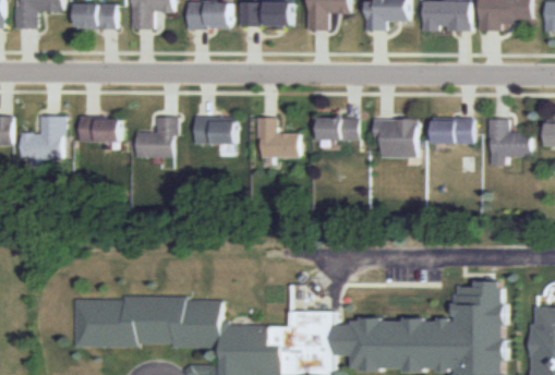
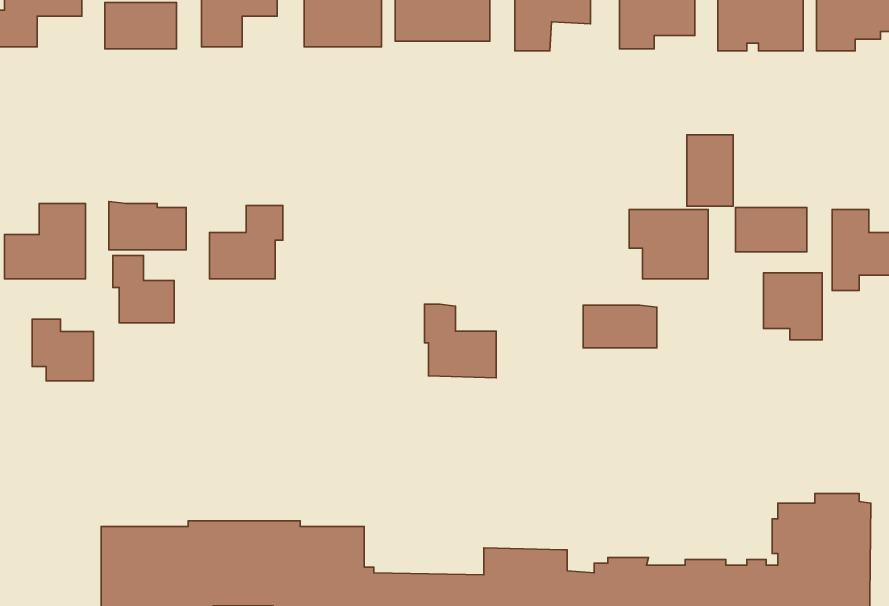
building: none -> [687,135,733,206]
building: [194,117,237,146] -> none
building: [258,118,299,159] -> [425,304,496,378]
building: [317,118,359,142] -> [583,305,657,348]
building: none -> [113,256,174,323]
building: none -> [764,273,822,340]
building: none -> [32,319,94,381]

